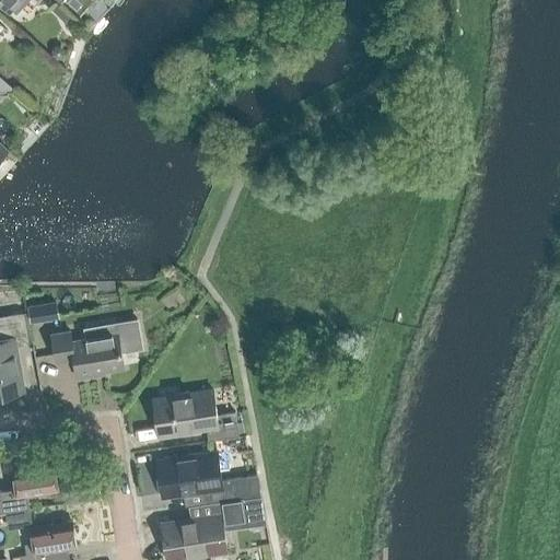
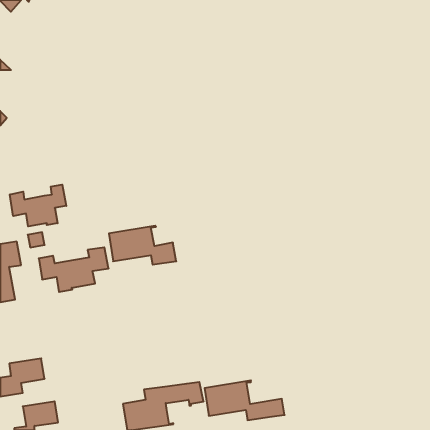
building: none -> [10,185,66,226]
building: [151,390,238,441] -> [109,226,176,265]
building: [155,452,259,503] -> [205,380,285,420]

